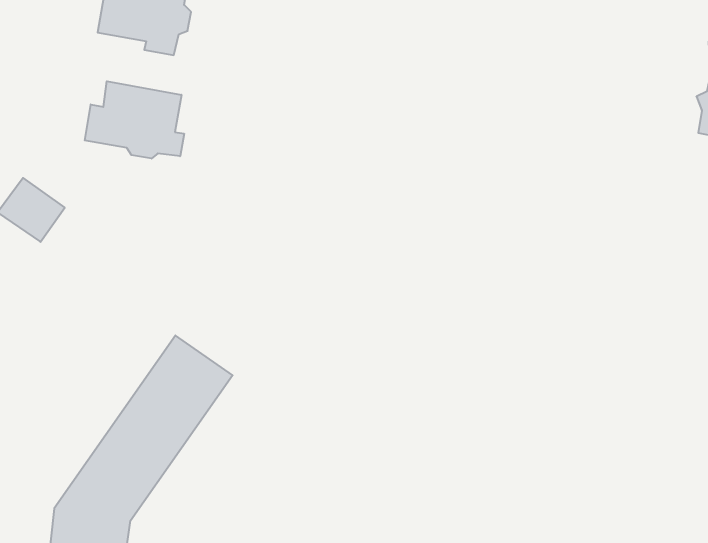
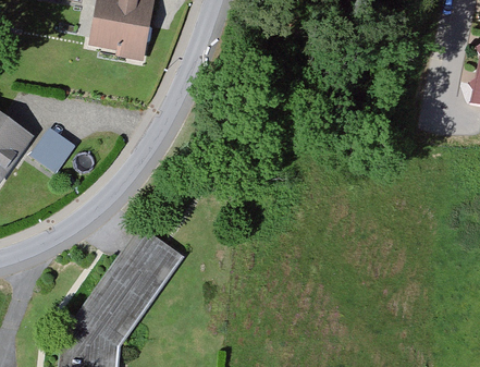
building: [85,81,184,159] -> none

